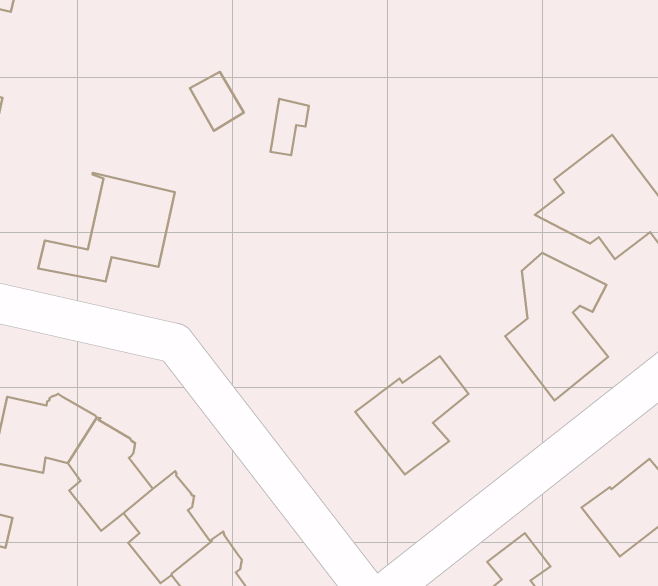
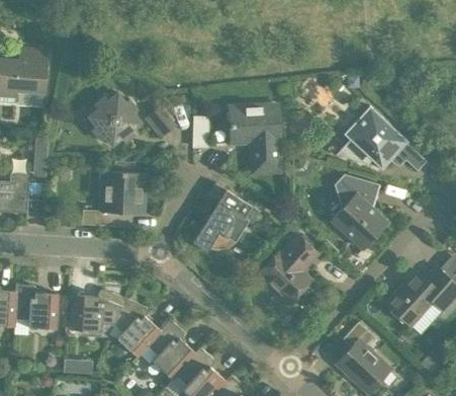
building: none -> [88,93,141,147]
building: none -> [230,105,279,172]
building: none -> [192,183,259,252]

